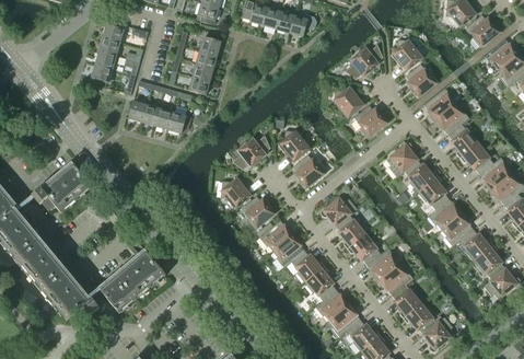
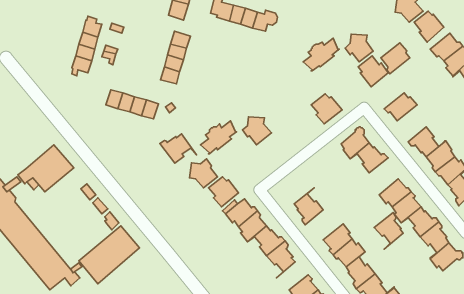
building: [333,85,363,117] -> none
building: [423,88,455,121] -> [381,43,410,74]
building: [447,117,479,158] -> none
building: none -> [160,134,197,163]
building: [292,154,326,188] -> none
building: [417,175,449,216] -> [374,212,403,249]
building: [321,195,357,225] -> none
building: [347,232,388,265] -> none
building: [315,289,350,320] -> none

